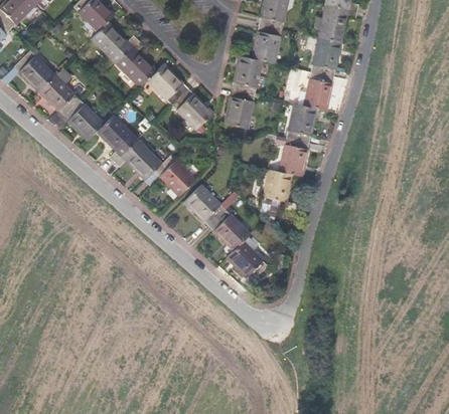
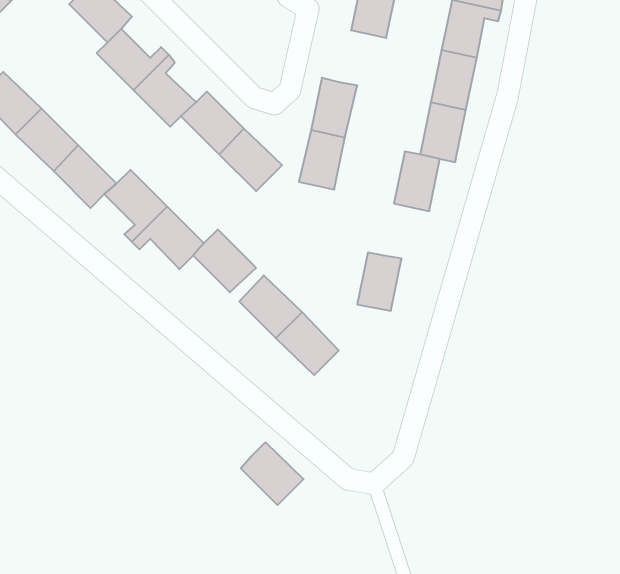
building: [252,23,282,62] -> none
building: [280,137,310,176] -> none
building: [228,240,269,281] -> [241,442,304,505]

